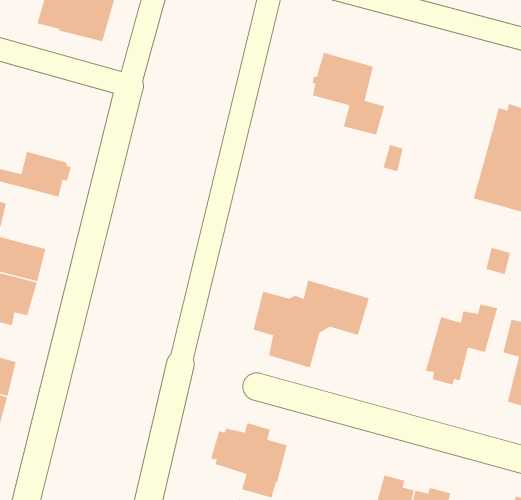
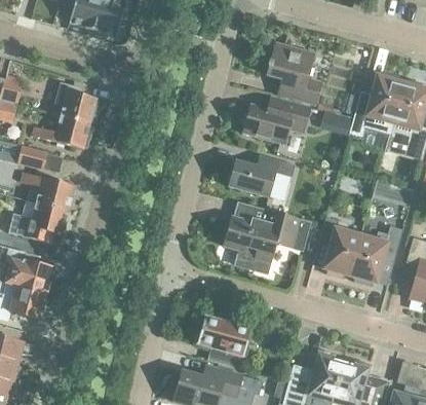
building: none -> [348,72,402,135]
building: none -> [52,82,96,122]
building: none -> [241,98,309,143]
building: none -> [227,156,295,196]
building: none -> [318,216,360,277]

